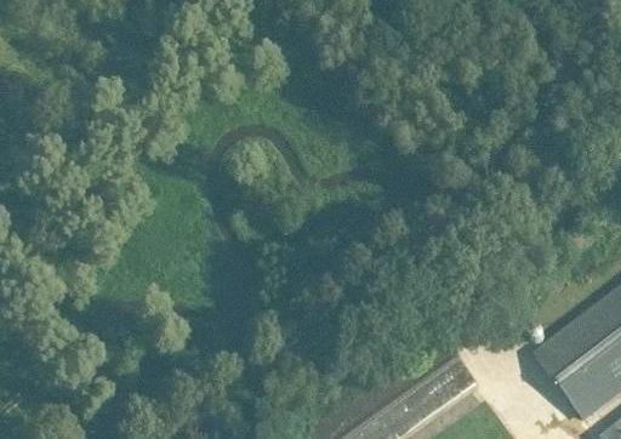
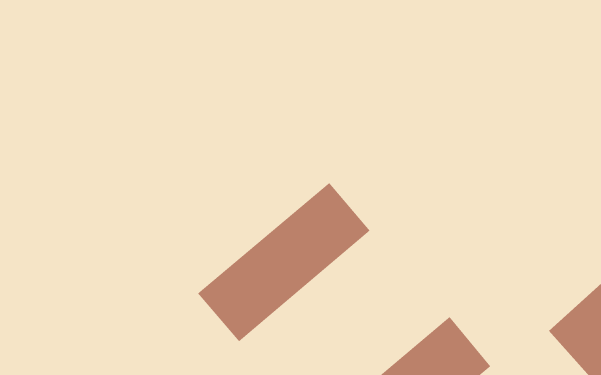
building: none -> [197,182,370,342]

